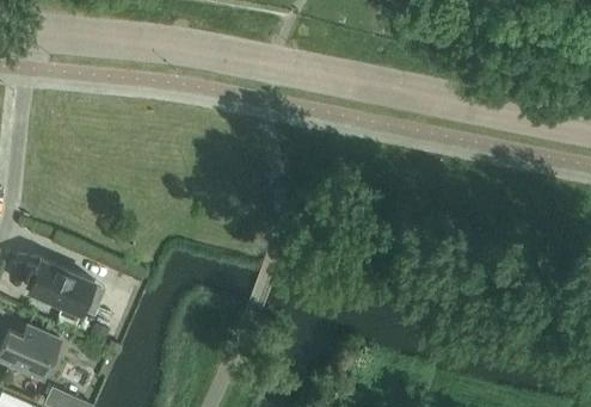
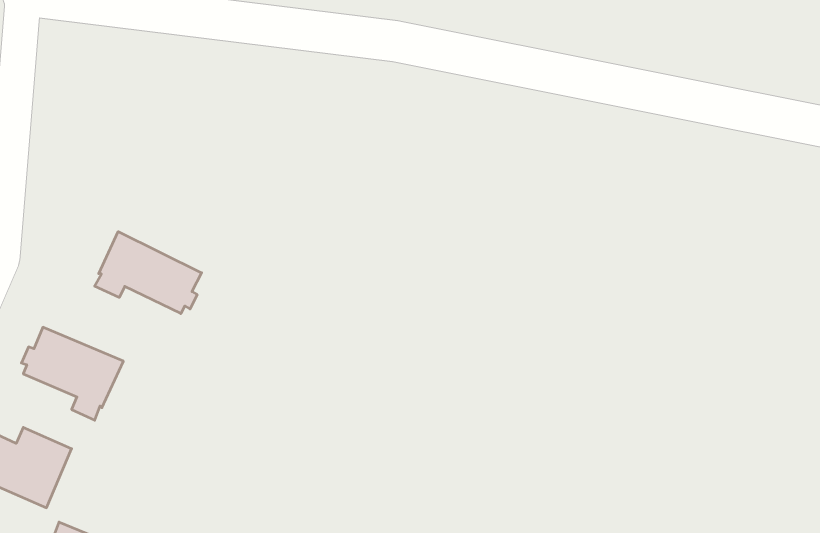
building: none -> [95,232,202,314]

